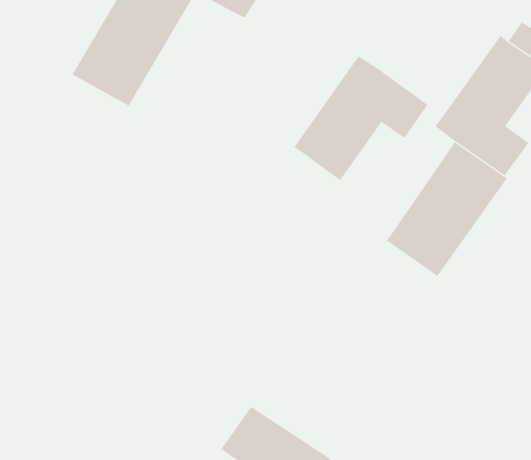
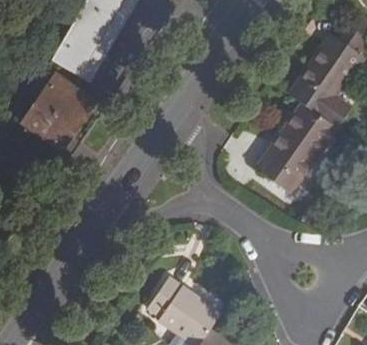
building: [294,55,428,181] -> none
building: none -> [23,76,93,148]

